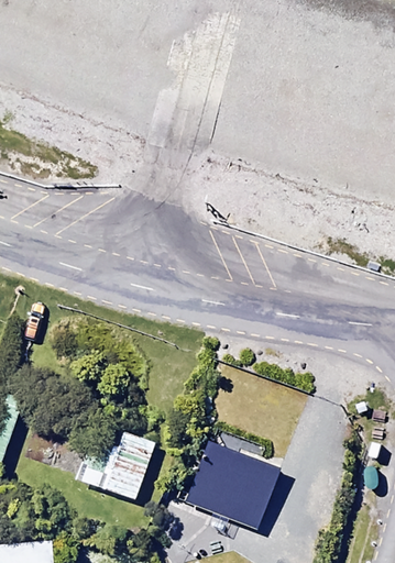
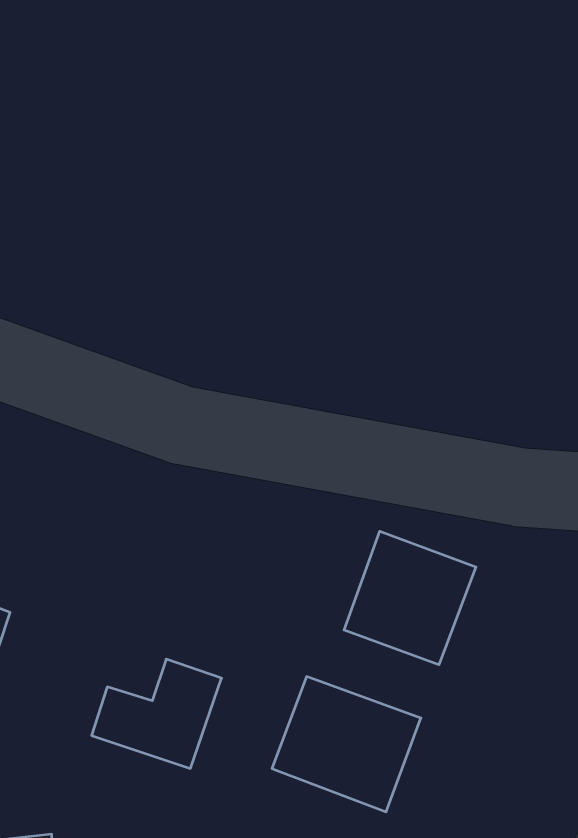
building: none -> [344,531,476,665]

